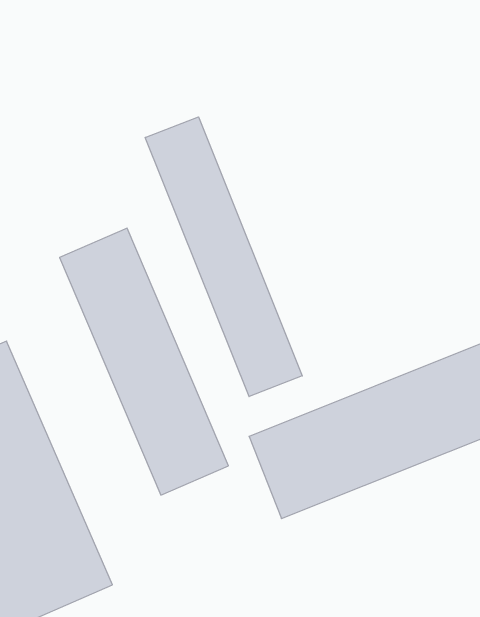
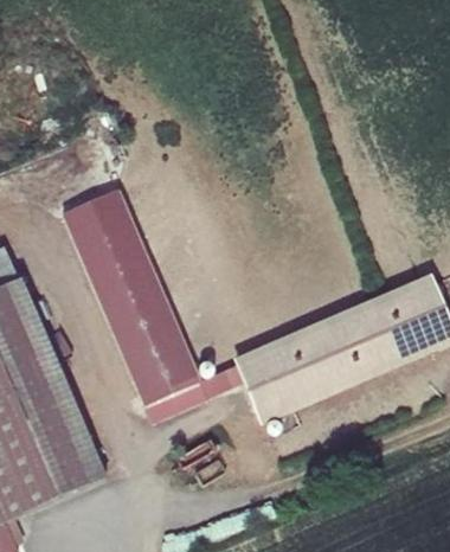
building: [145,117,302,397] -> none

